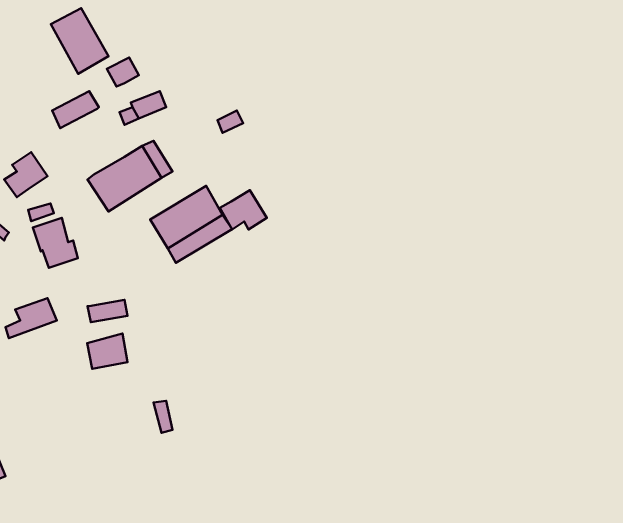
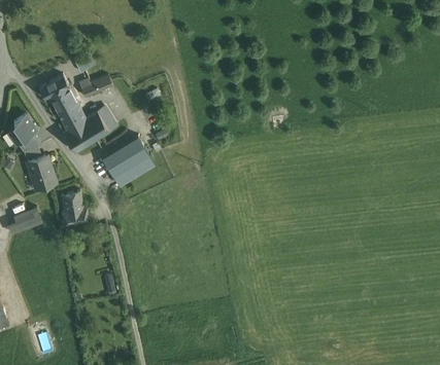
building: [51,8,109,74] -> [48,86,86,129]
building: [220,190,267,229] -> none
building: [87,333,127,369] -> [60,190,86,213]

